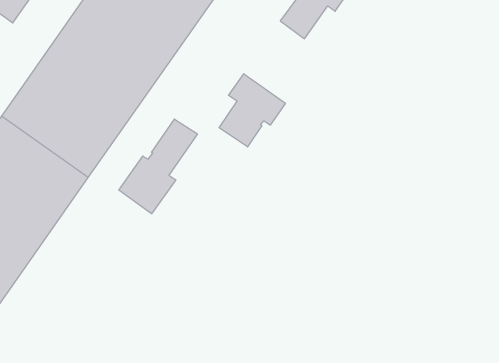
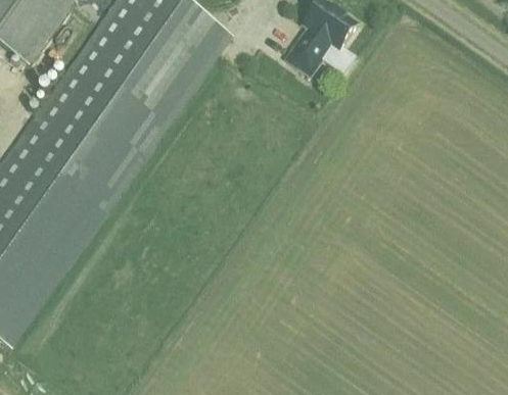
building: [219,74,285,147] -> none
building: [119,119,197,214] -> none

